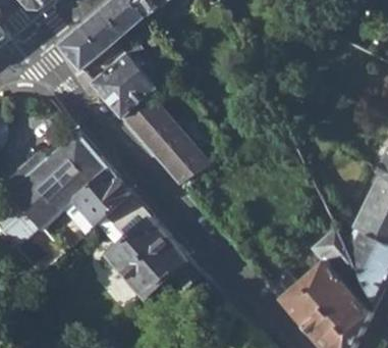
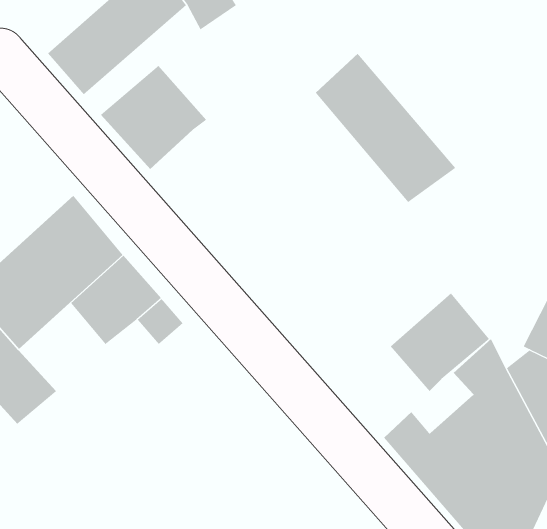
building: [122,92,209,184] -> [315,53,456,203]
building: none -> [390,292,490,392]
building: [106,217,199,299] -> none

